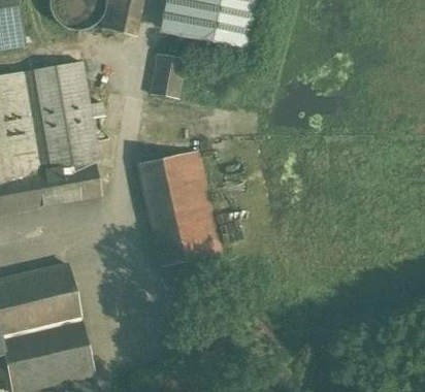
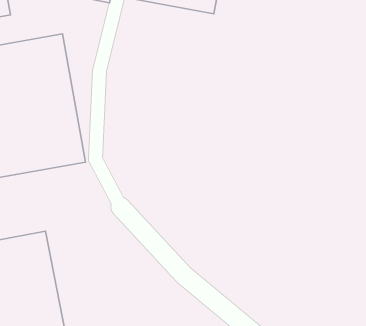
building: [156,51,187,91] -> none
building: [145,141,228,256] -> none

